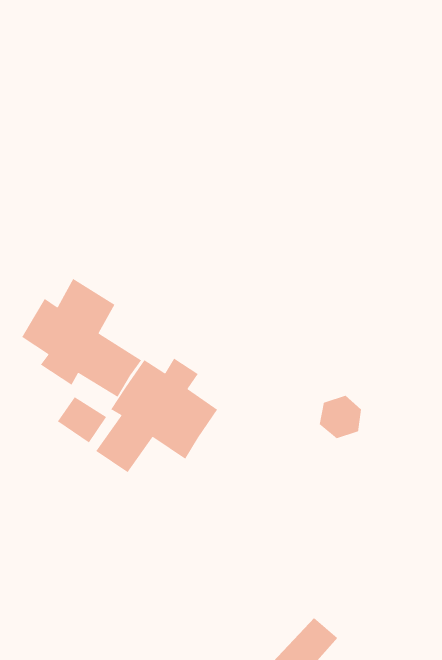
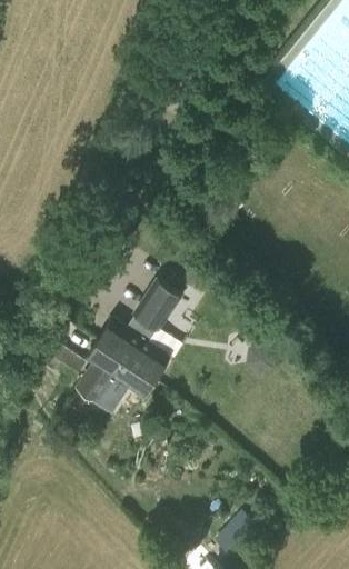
building: [21,278,142,398] -> none
building: none -> [134,280,180,330]

